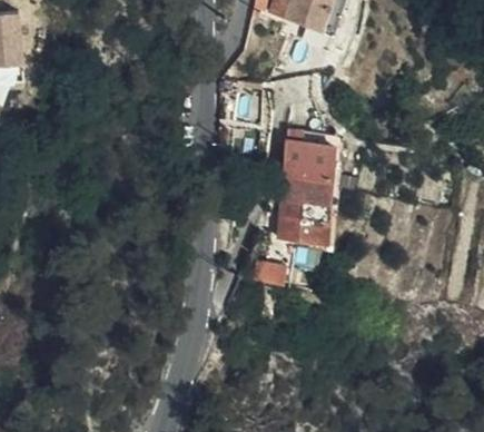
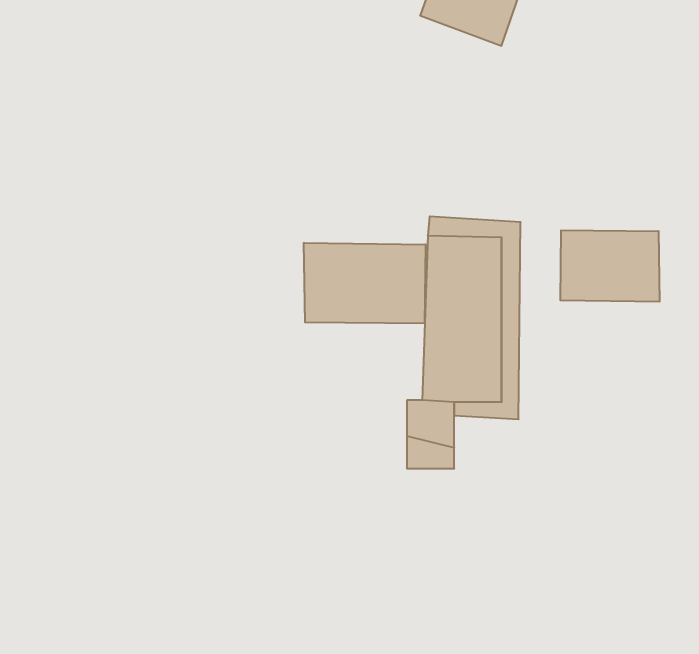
building: none -> [560,230,659,302]
building: none -> [304,243,425,323]

